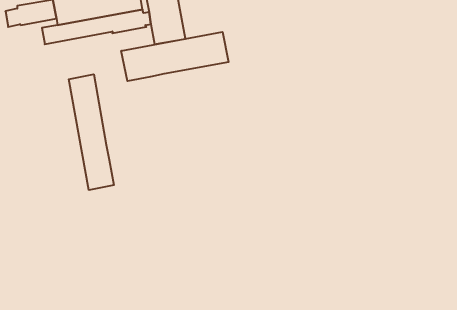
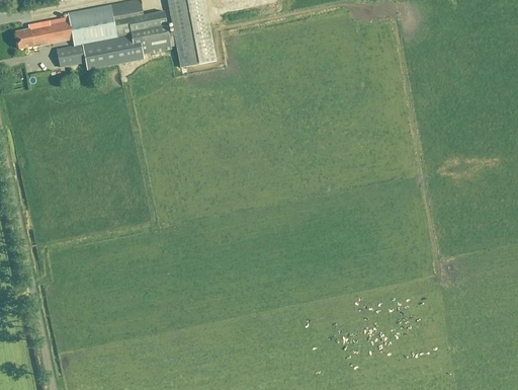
building: [121,32,229,81] -> none
building: [69,74,114,190] -> none

